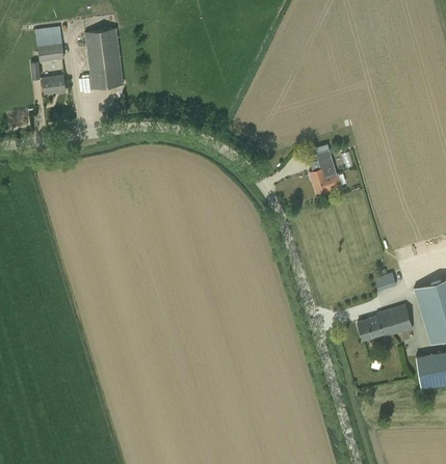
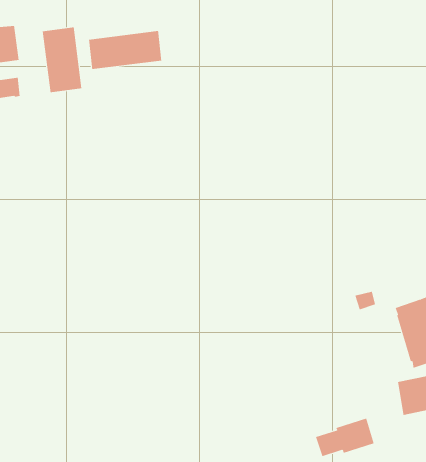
building: none -> [88,30,162,70]
building: [310,151,341,195] -> none
building: [357,305,412,342] -> [315,418,375,457]

